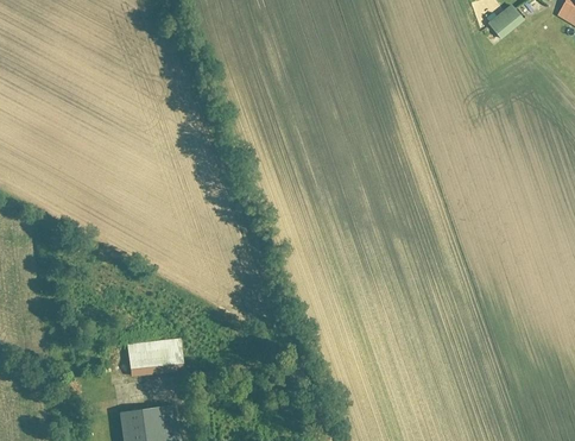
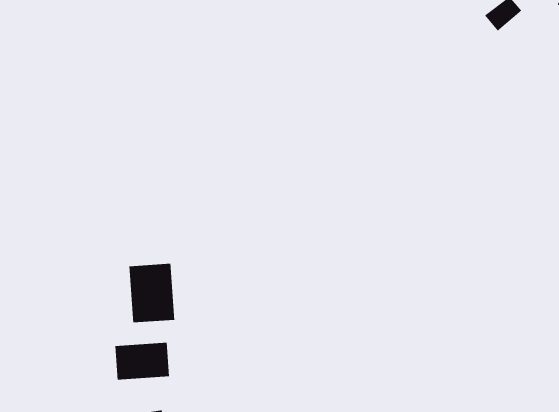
building: none -> [129,263,175,323]

